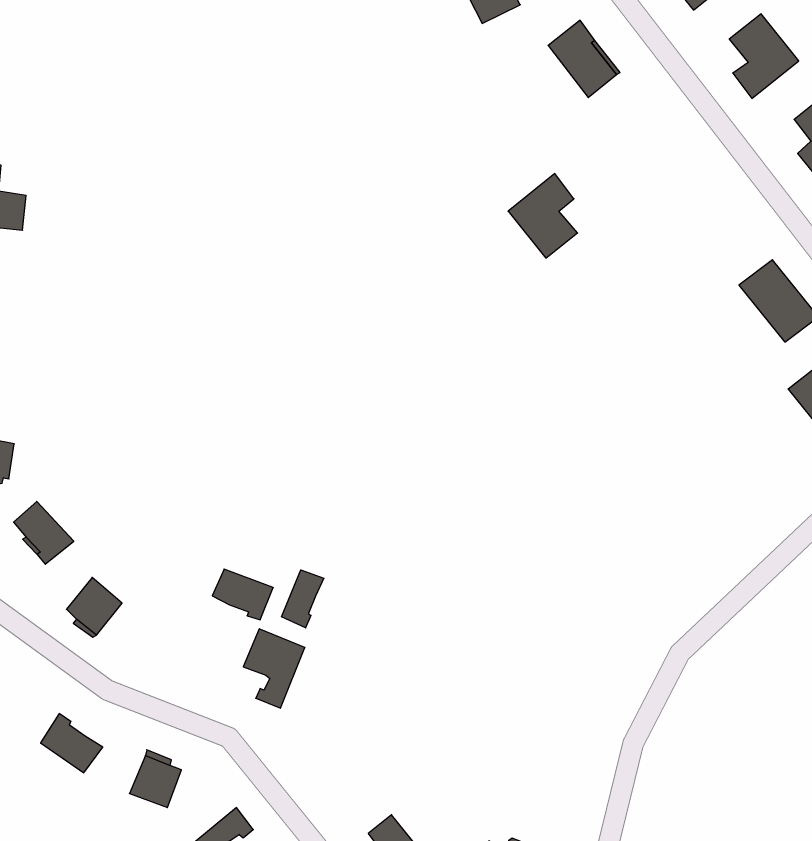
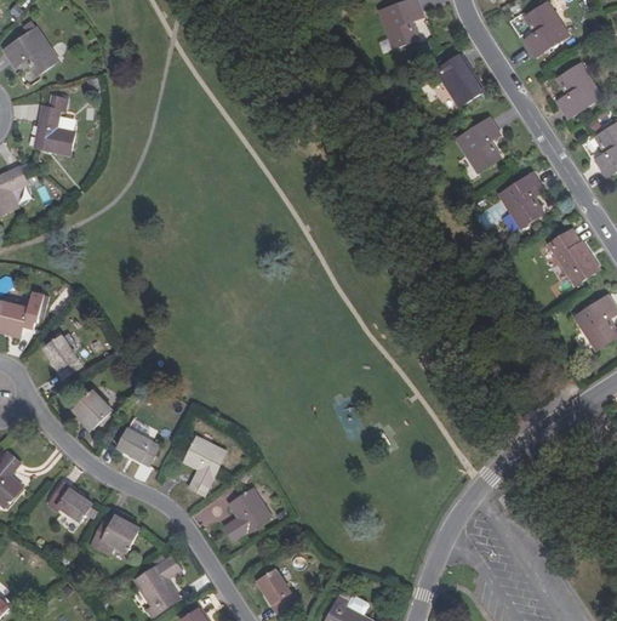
building: [508,174,578,258] -> [455,116,499,172]
building: none -> [497,173,543,229]
building: [212,569,273,620] -> [120,431,161,467]
building: [282,570,324,628] -> none
building: none -> [224,489,272,540]

